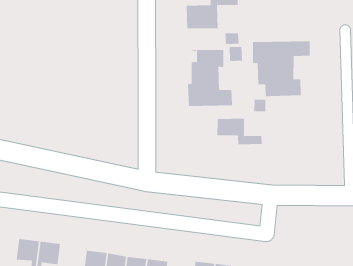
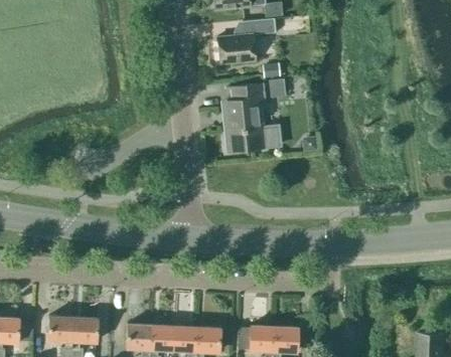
building: [252,40,310,97] -> none
building: [217,118,262,145] -> none

